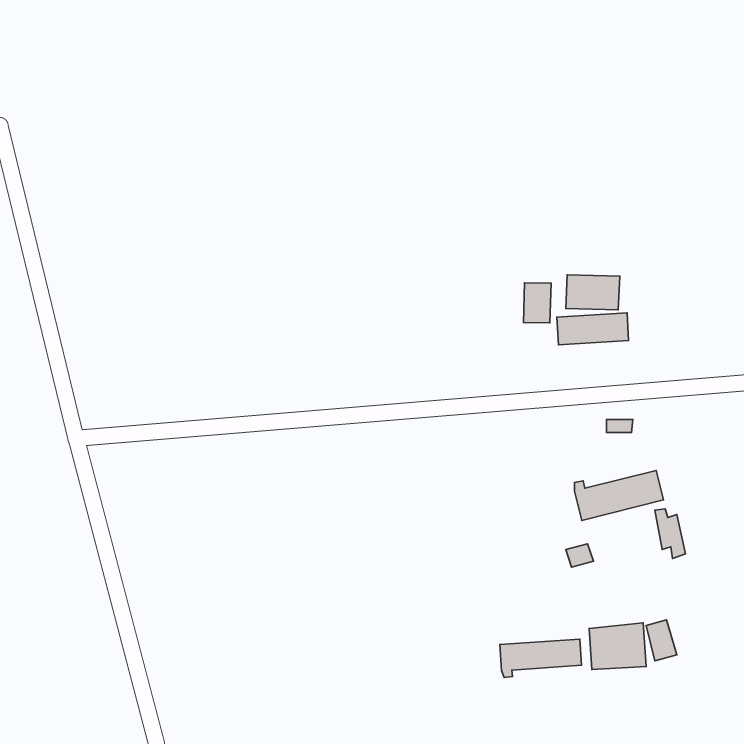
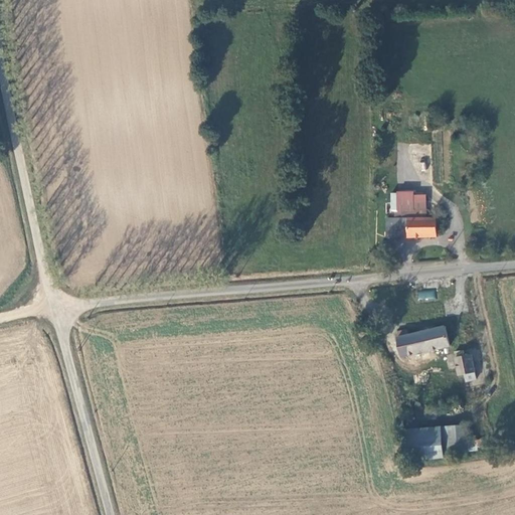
building: [524,283,551,323] -> none
building: [500,639,581,678] -> none

